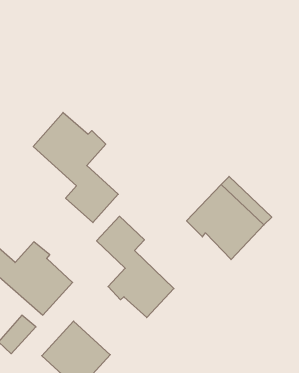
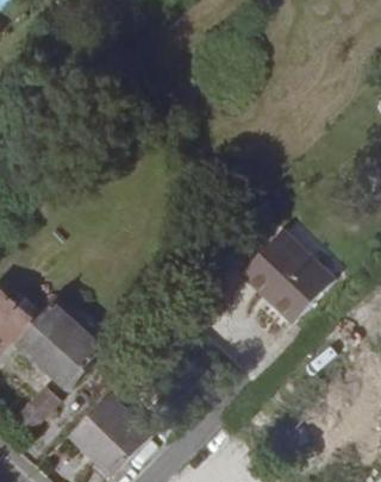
building: [33,112,118,223] -> none
building: [97,216,174,318] -> none

